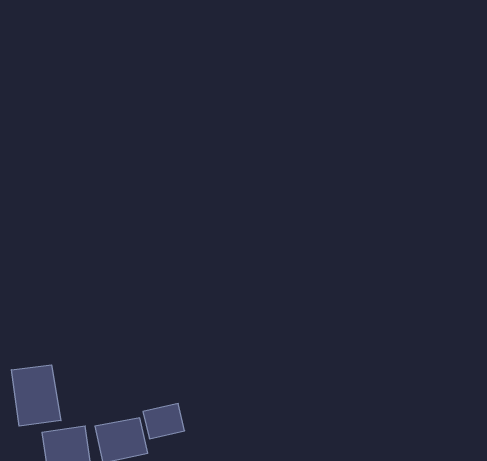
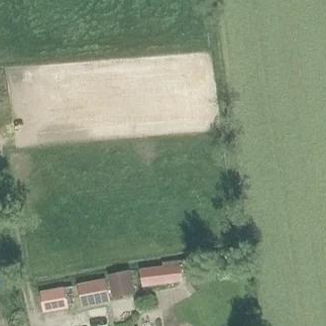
building: [11,365,61,426] -> none
building: none -> [137,261,181,288]

